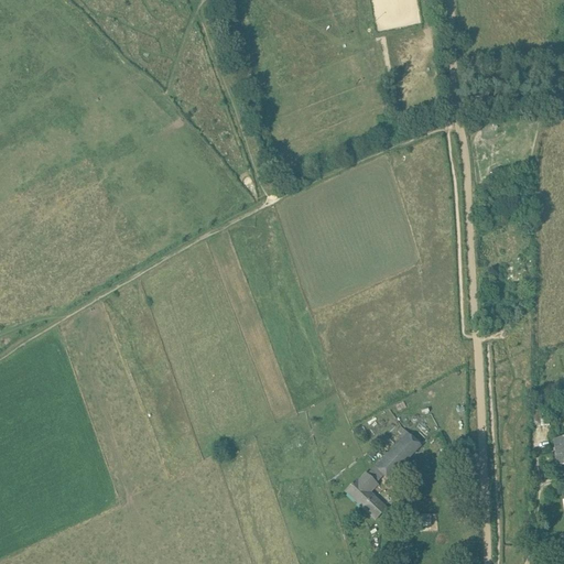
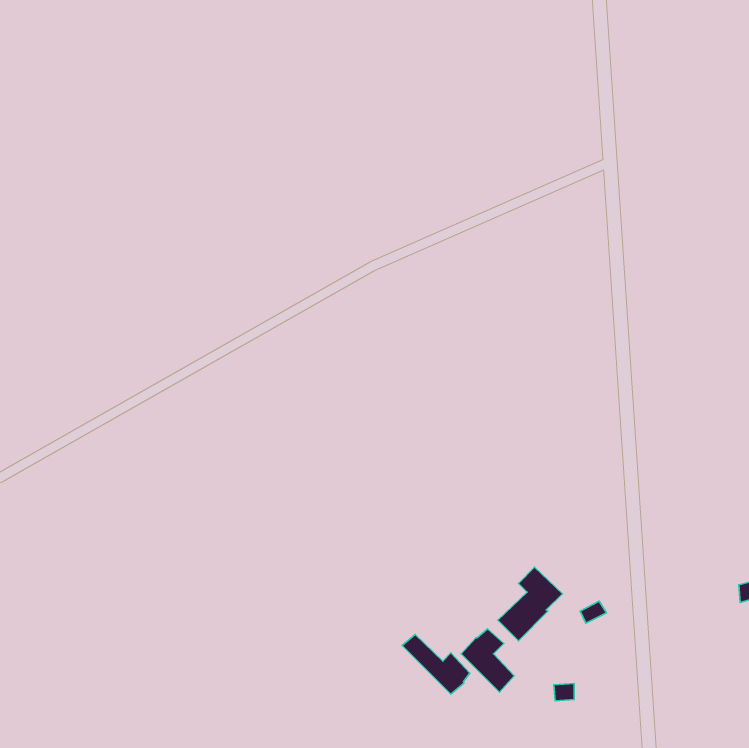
building: none -> [402,635,470,694]

